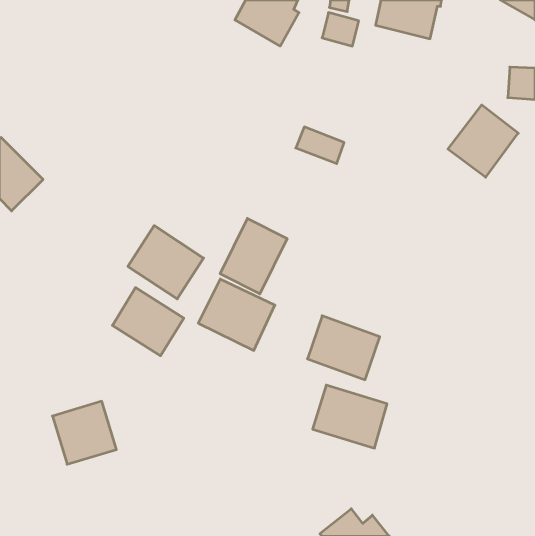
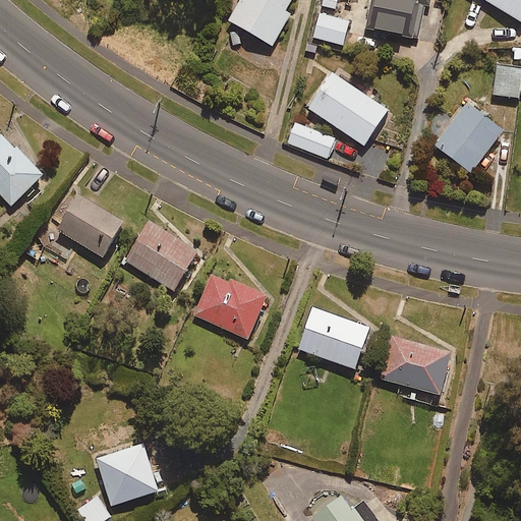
building: none -> [308,72,387,144]
building: [220,218,287,294] -> none
building: [112,288,184,356] -> [55,191,124,257]
building: [313,385,387,448] -> [379,334,451,395]
building: [52,401,116,464] -> [96,444,158,505]

